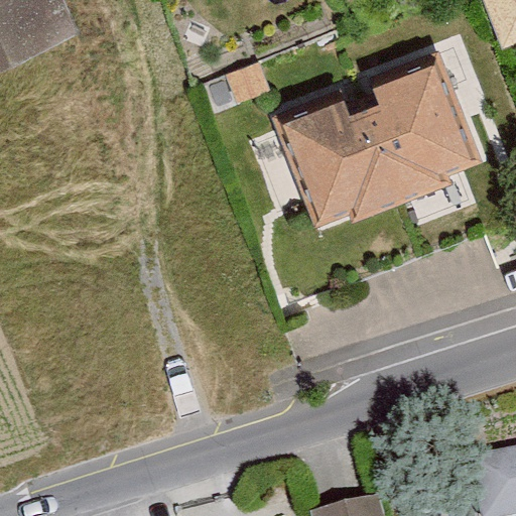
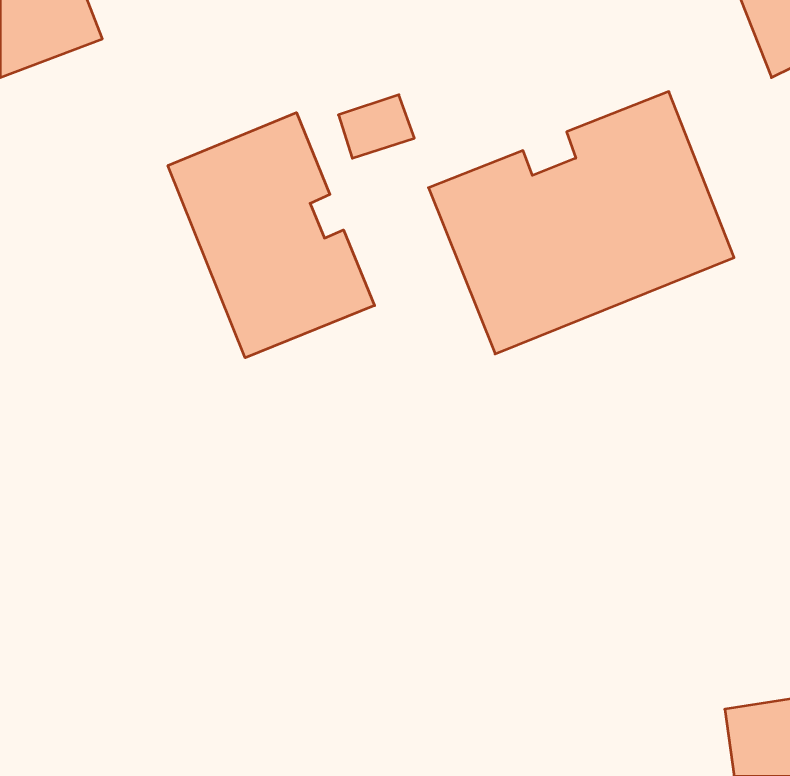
building: none -> [168,113,375,358]

